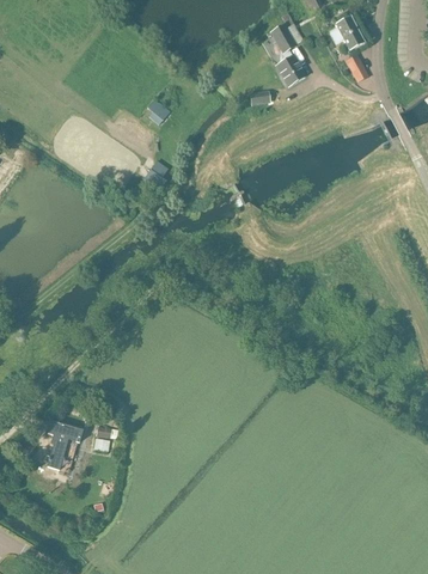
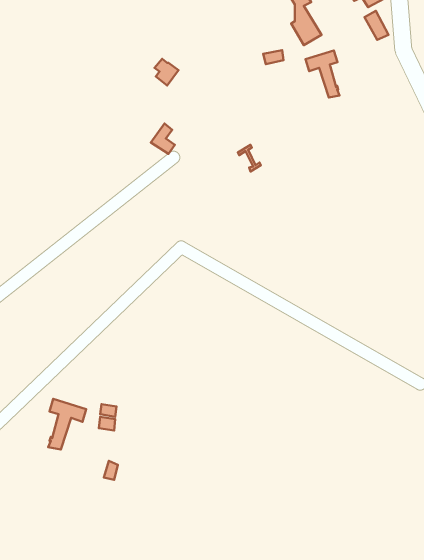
building: none -> [306,50,340,98]

